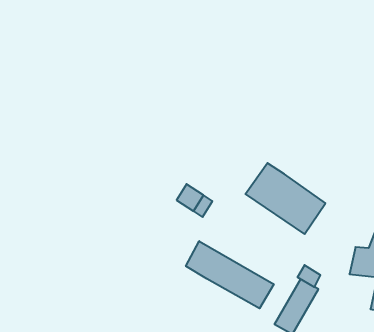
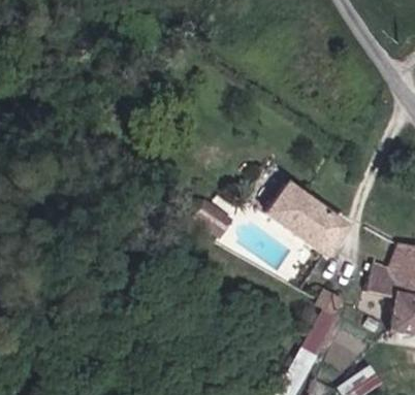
building: [186,241,274,308] -> none

